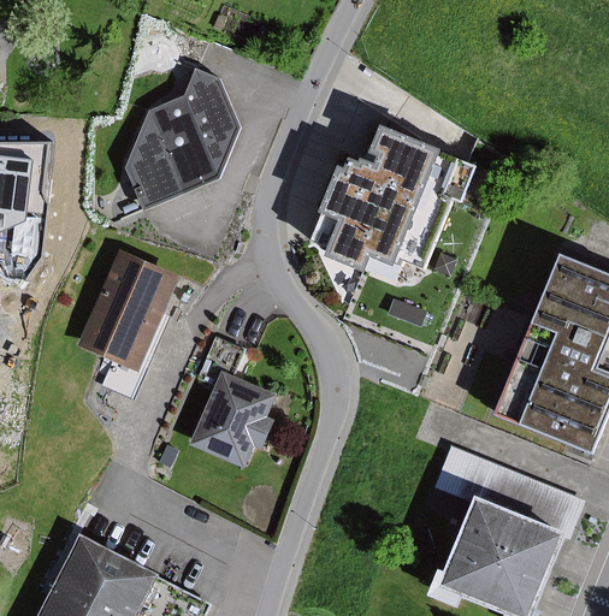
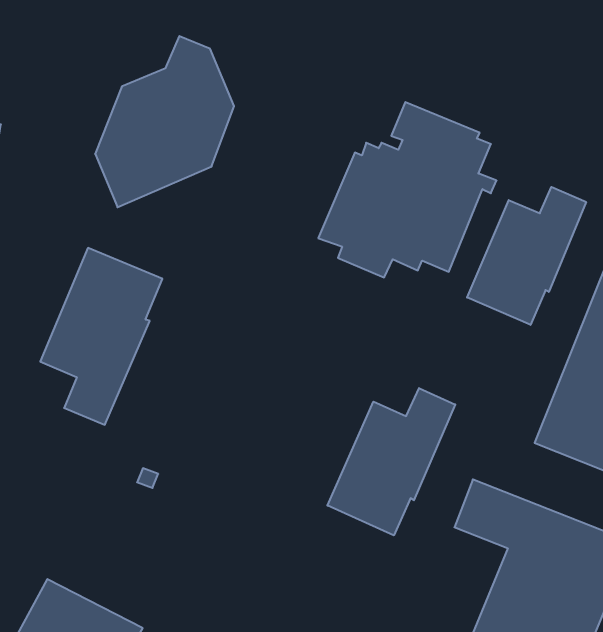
building: none -> [467,187,586,325]
building: [184,336,273,468] -> none
building: none -> [327,388,455,535]

